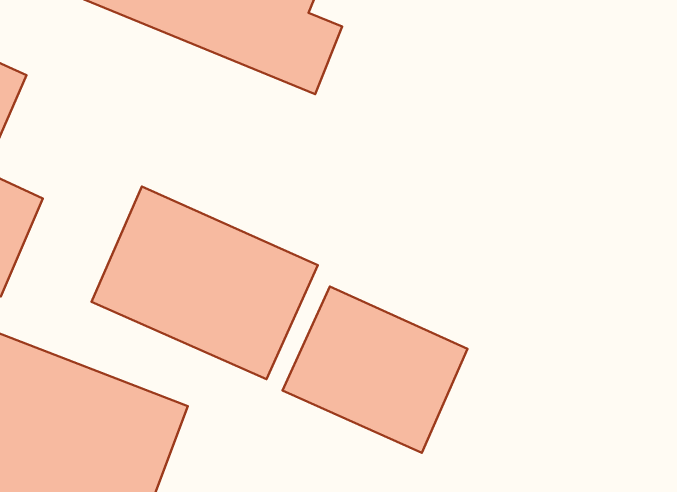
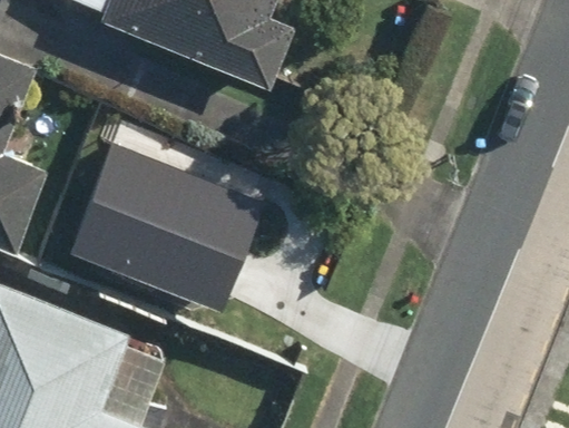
building: [282,287,468,453] -> none

